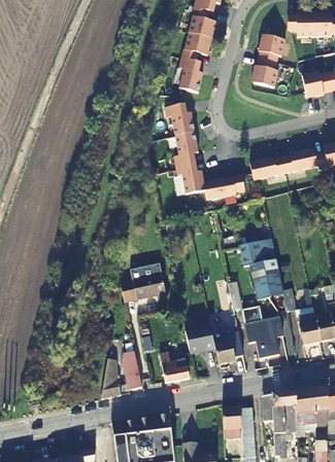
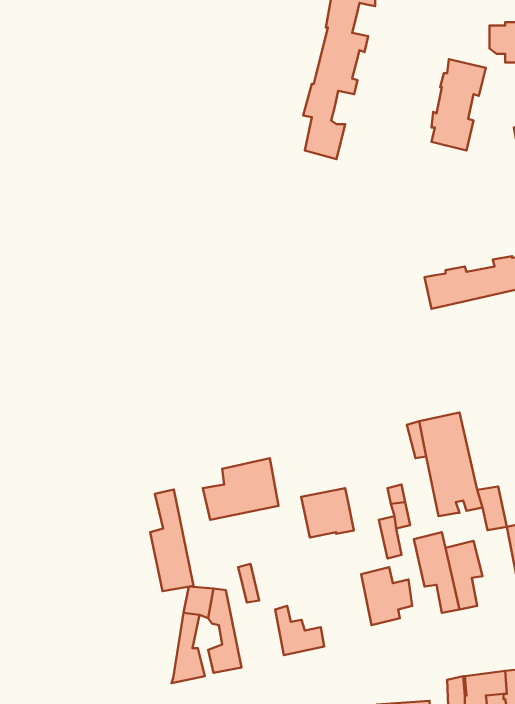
building: [165,105,245,201] -> none
building: none -> [150,489,194,591]
building: [185,327,215,356] -> [301,488,354,537]

